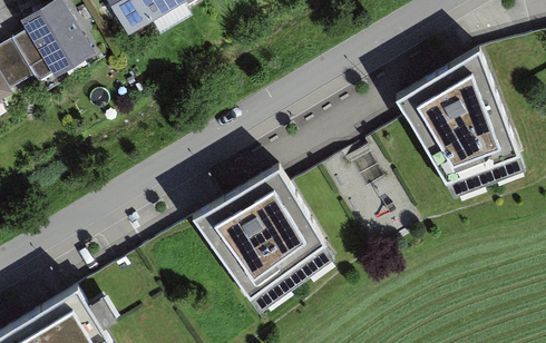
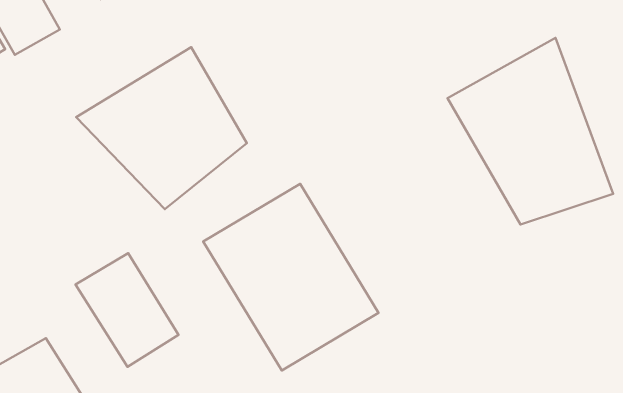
building: none -> [76,47,247,209]
building: none -> [76,253,179,367]

